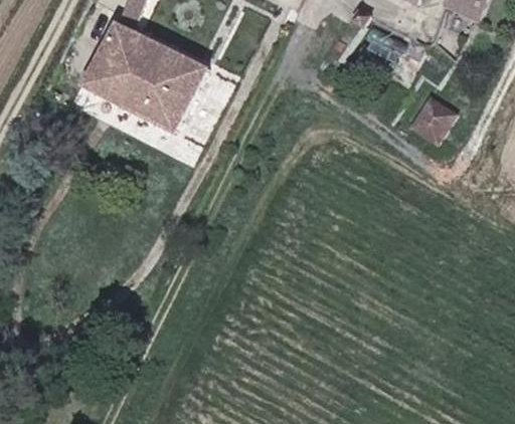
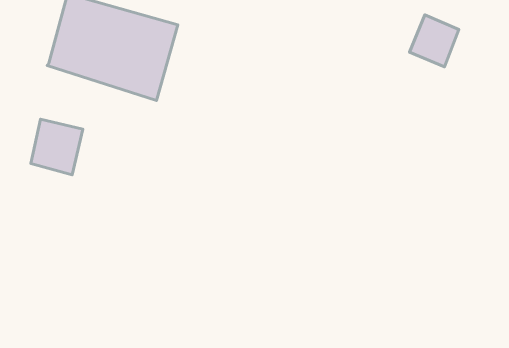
building: none -> [31,119,83,175]

